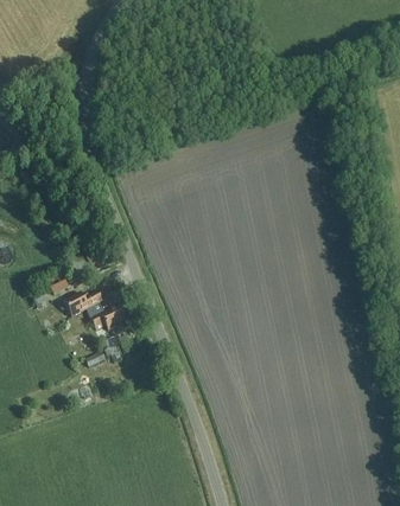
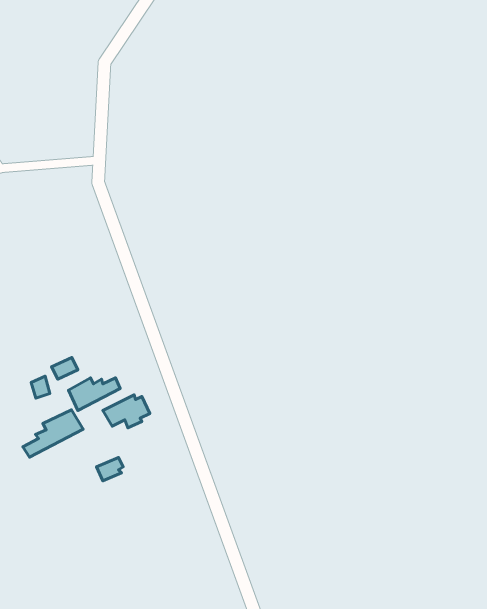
building: none -> [23,410,83,457]

